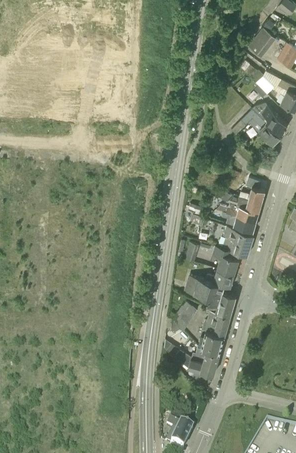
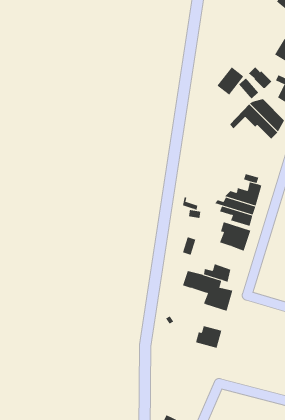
building: [247,29,275,58] -> [216,67,244,96]
building: [211,247,238,276] -> none
building: [201,311,229,337] -> none
building: [177,349,219,377] -> none

